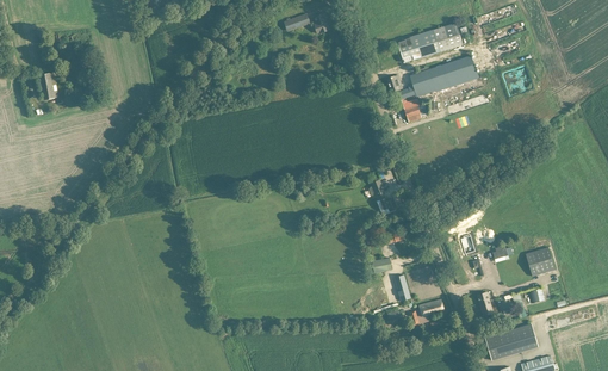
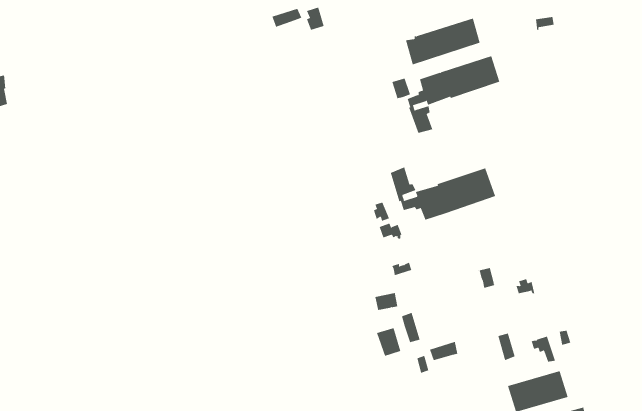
building: none -> [390,167,496,221]
building: [527,246,556,274] -> none

